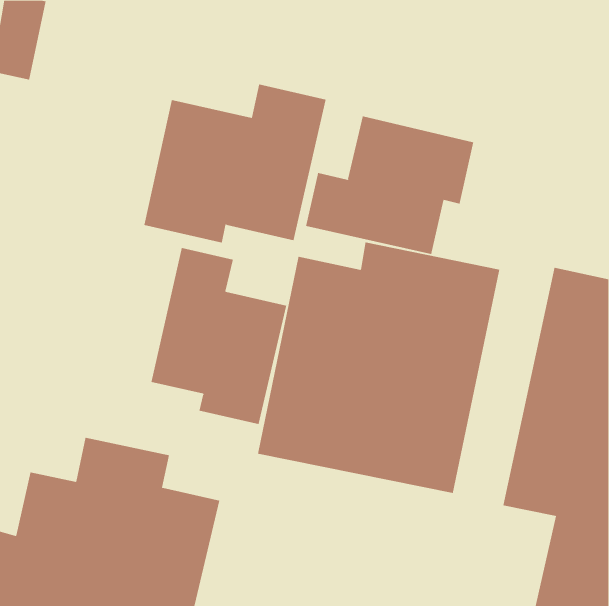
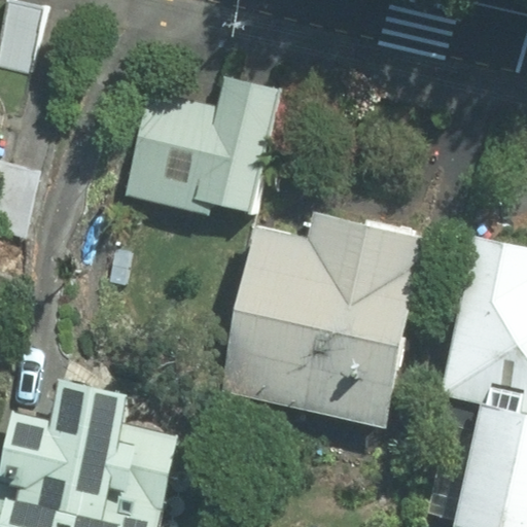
building: [306,115,474,255] -> none
building: [151,247,287,425] -> none

